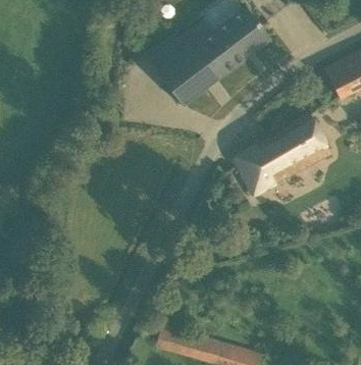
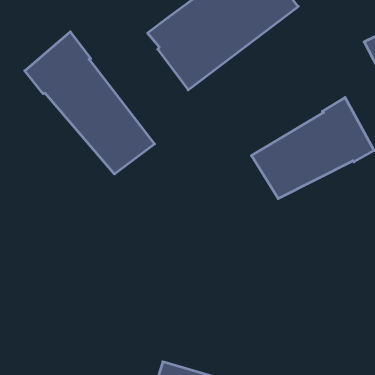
building: none -> [25,32,155,174]

